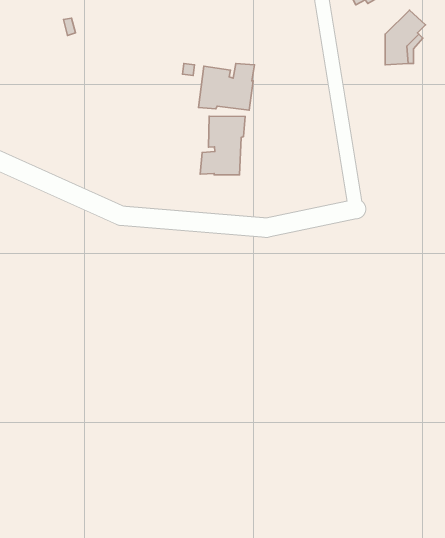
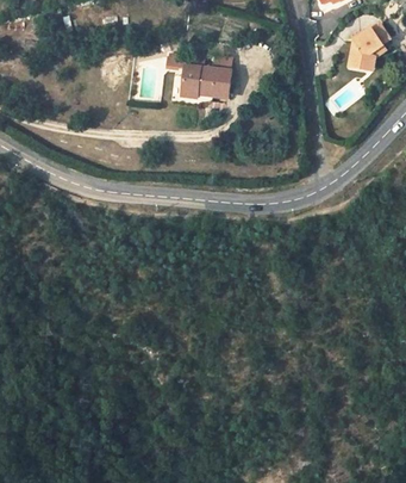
building: [200,116,245,175] -> none

